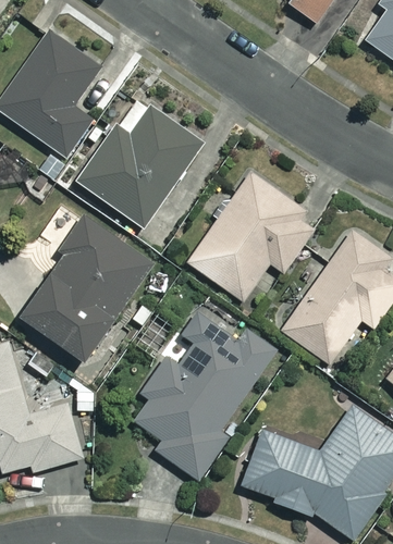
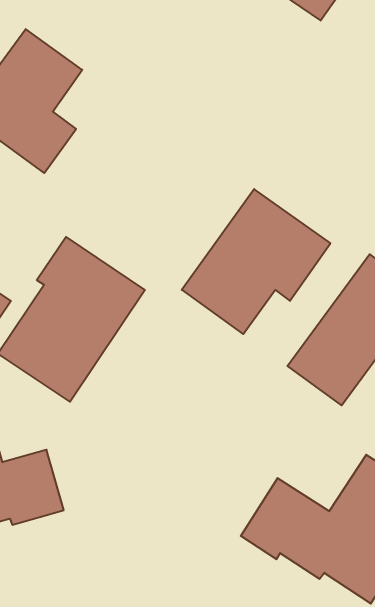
building: [77,108,201,226] -> none
building: [135,310,270,479] -> none

